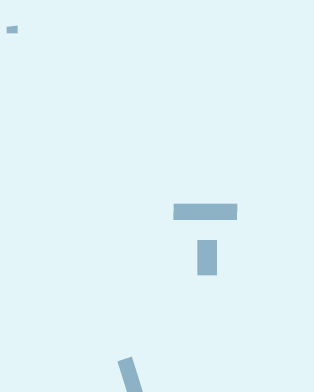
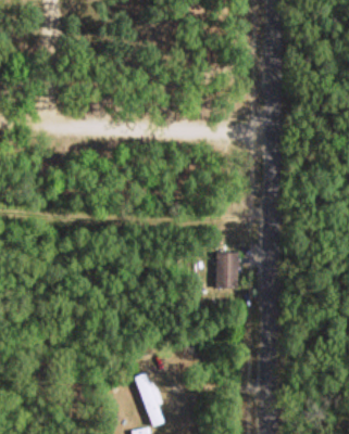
building: [173,203,238,221] -> none

